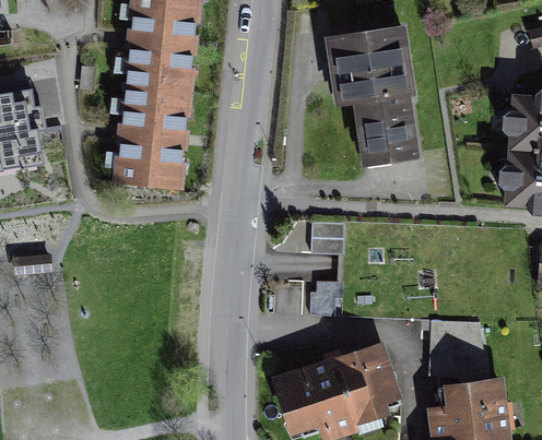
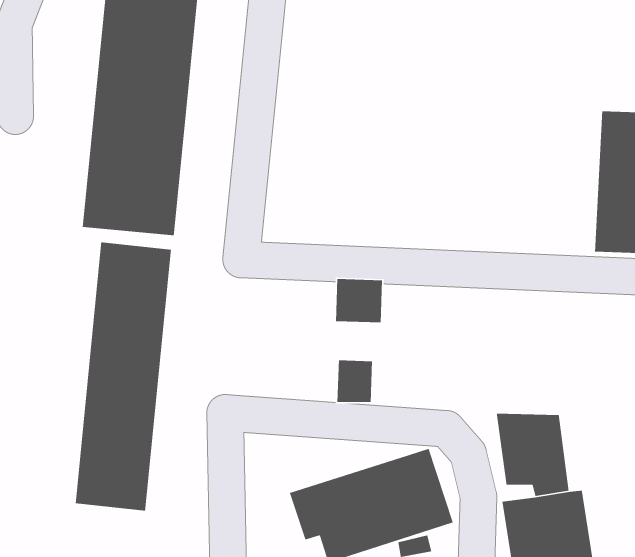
building: [322,21,425,165] -> none
building: none -> [75,242,172,511]

